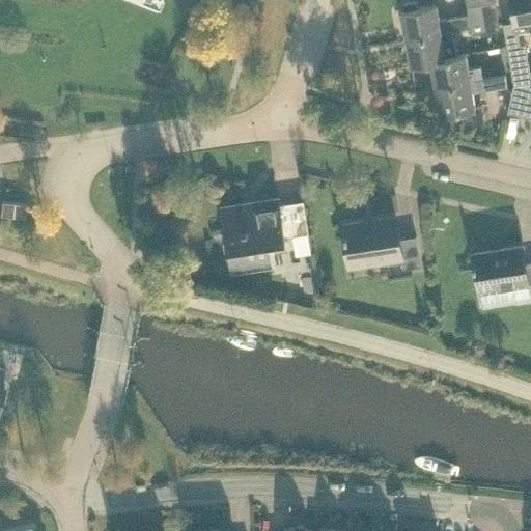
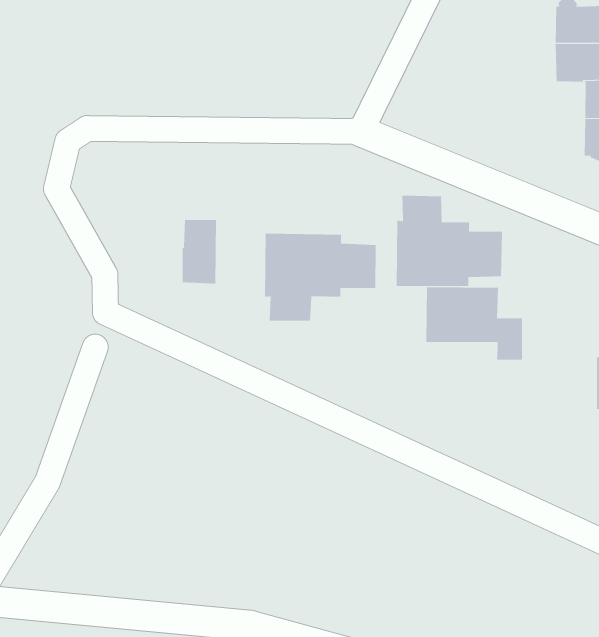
building: none -> [396,195,502,287]
building: none -> [182,219,217,284]

